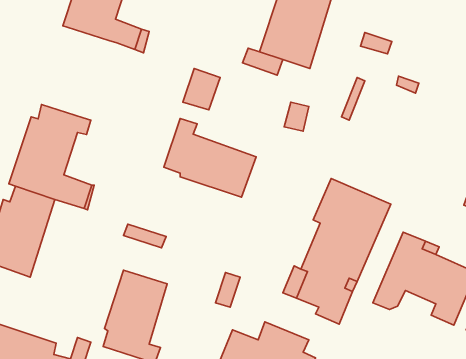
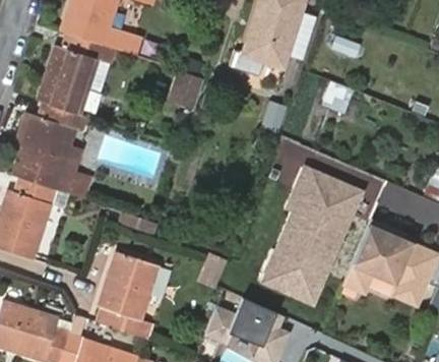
building: none -> [39,33,111,115]
building: [164,119,256,197] -> none

